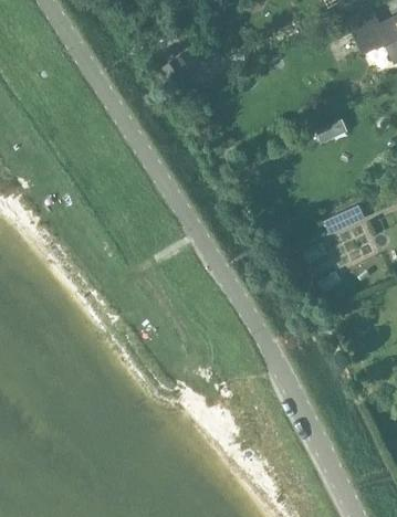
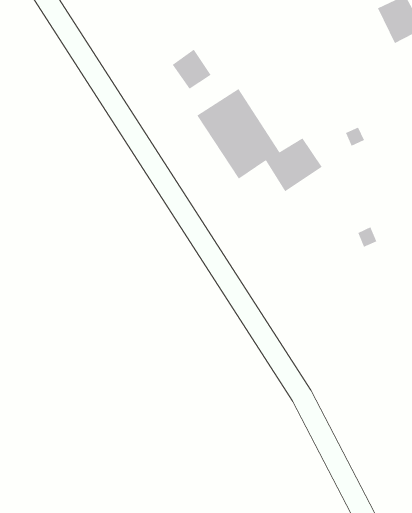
building: none -> [197,88,323,192]

